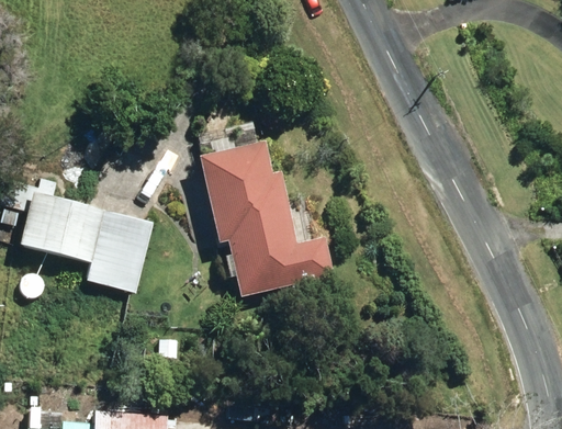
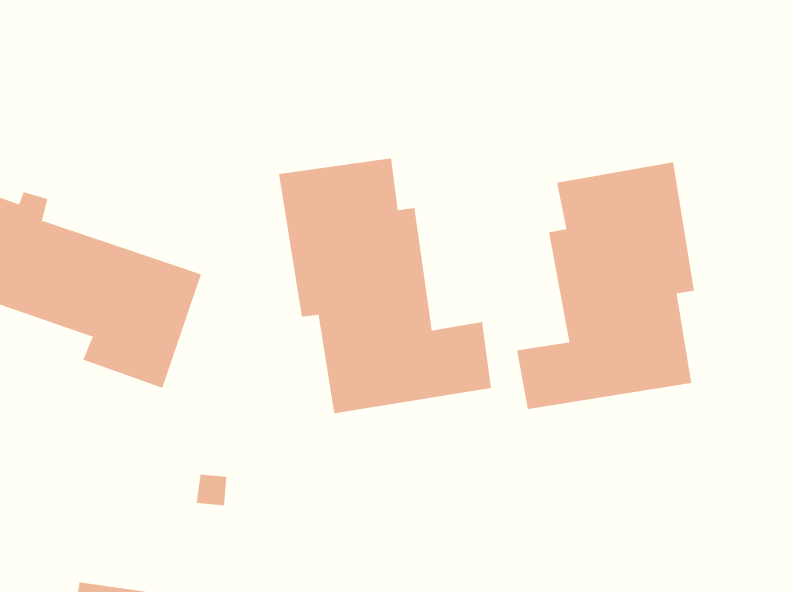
building: none -> [516,162,694,410]

